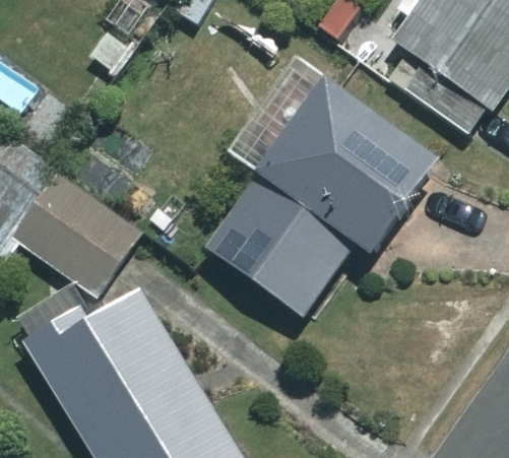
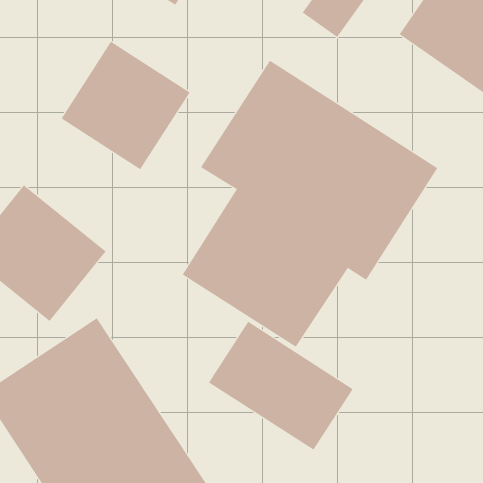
building: none -> [61,41,190,170]
building: none -> [208,321,354,451]

